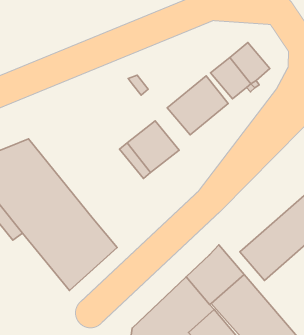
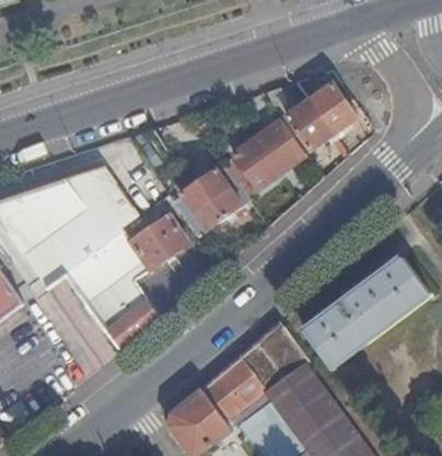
building: none -> [61,166,184,280]

